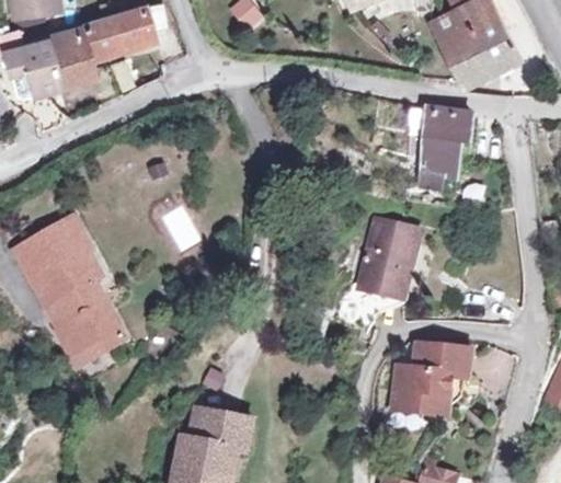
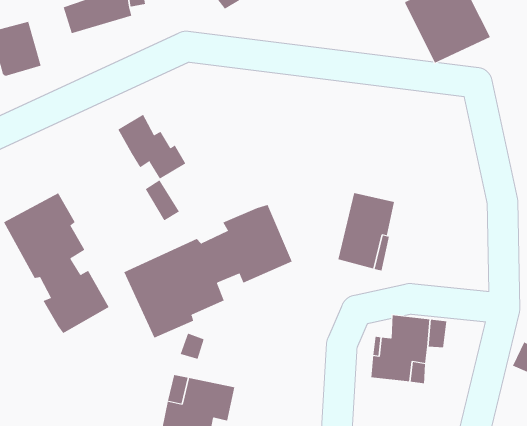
building: [41,26,91,87] -> none
building: [416,106,472,192] -> none
building: none -> [118,114,186,180]
building: none -> [123,204,293,339]

